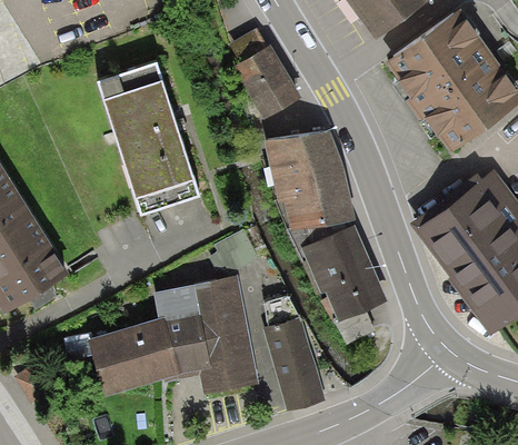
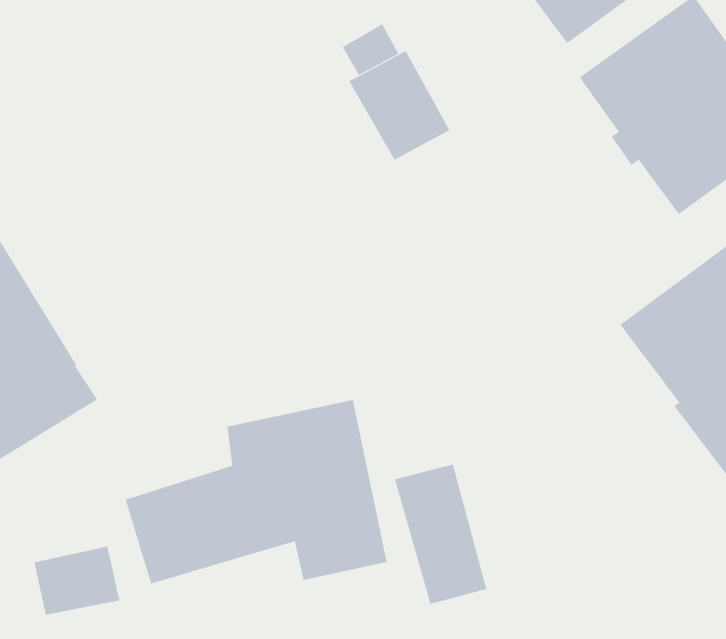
building: [97,63,201,218] -> none
building: [265,134,357,234] -> none
building: [302,227,388,324] -> none
building: none -> [34,546,120,616]

